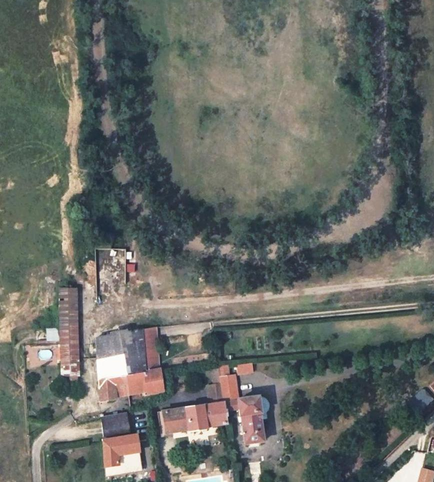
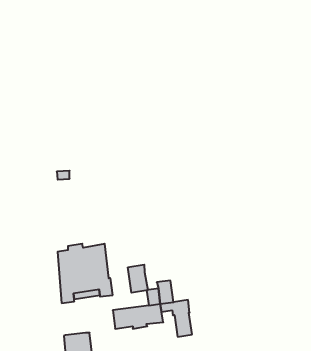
building: [57,287,79,374] -> none
building: none -> [128,265,148,293]
building: [102,414,130,441] -> none

